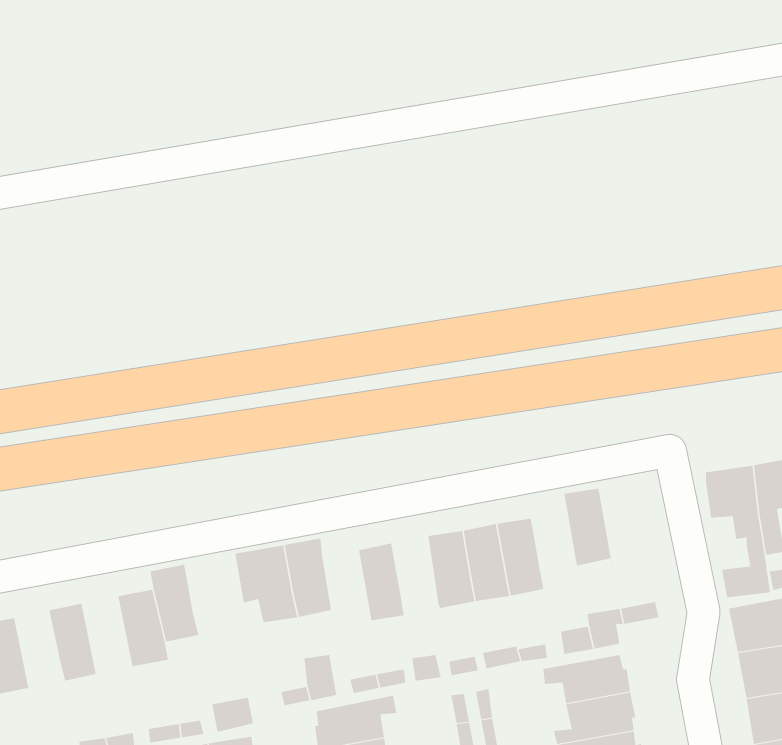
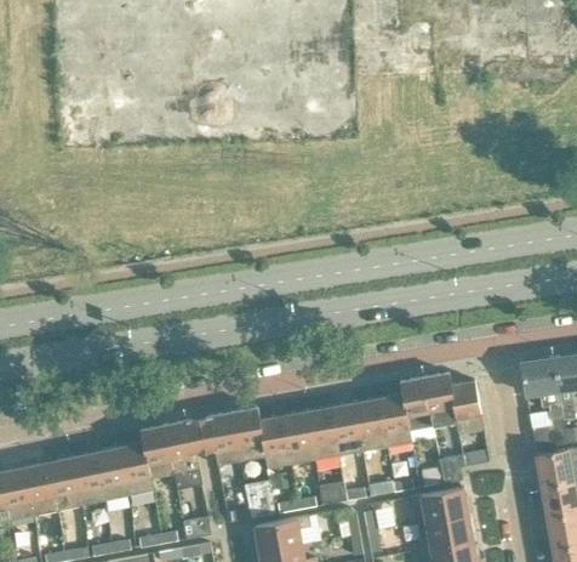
building: none -> [447,373,482,433]
building: none -> [399,376,432,442]
building: none -> [305,405,338,460]
building: none -> [258,415,291,469]
building: none -> [164,418,204,489]
building: none -> [93,447,127,500]
building: none -> [47,456,81,510]

